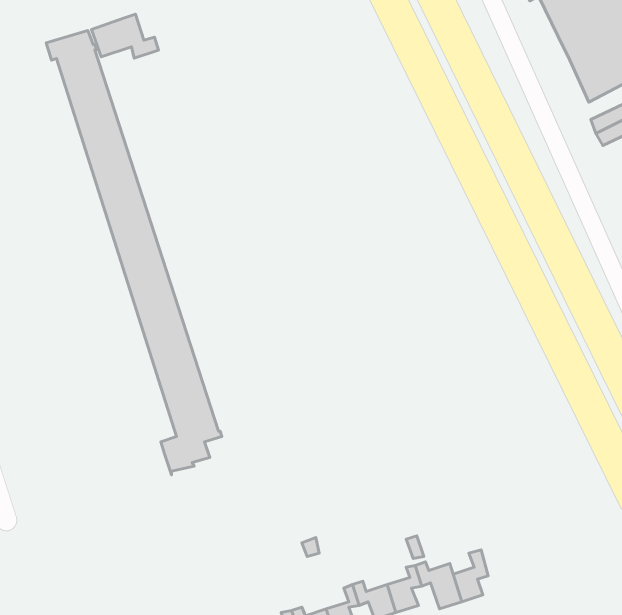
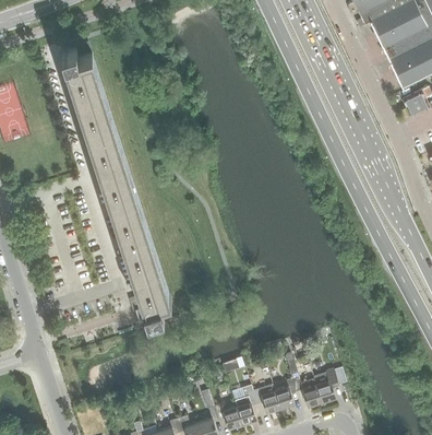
building: [91,14,159,58] -> none

